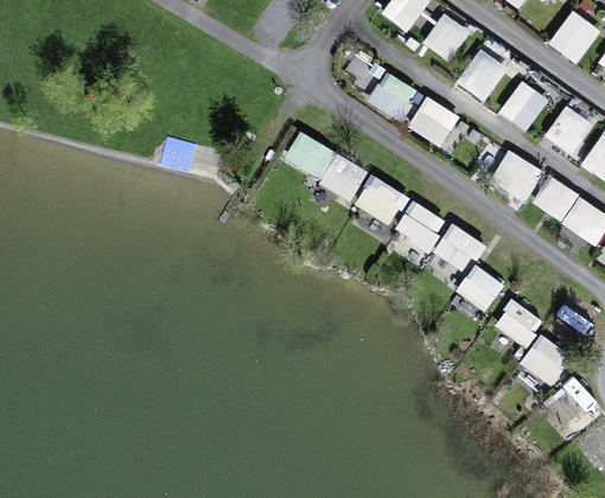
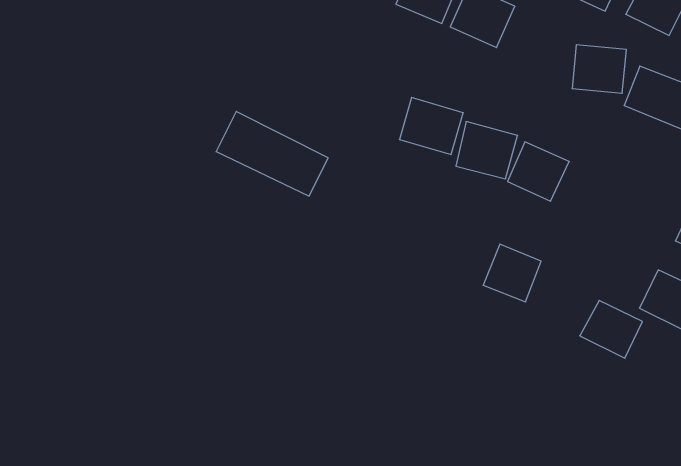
building: [282,128,368,202] -> [216,111,328,196]
building: [457,264,504,312] -> [483,244,541,302]
building: [493,300,543,347] -> [580,300,642,358]

